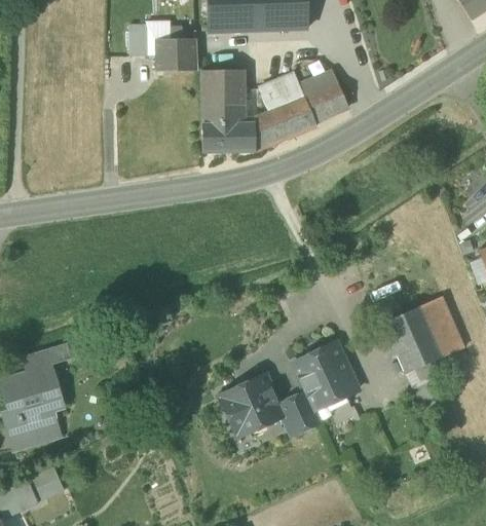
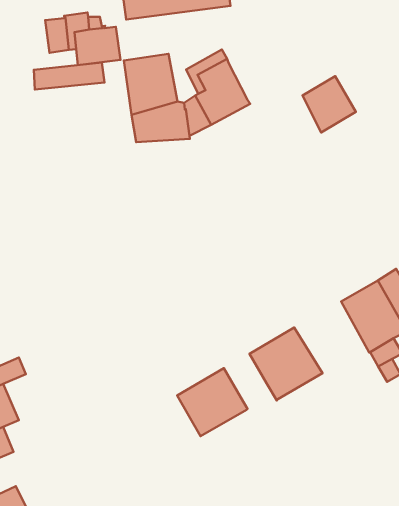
building: [300,68,349,120] -> [302,76,356,132]
building: none -> [34,63,105,90]
building: [279,392,321,435] -> none

